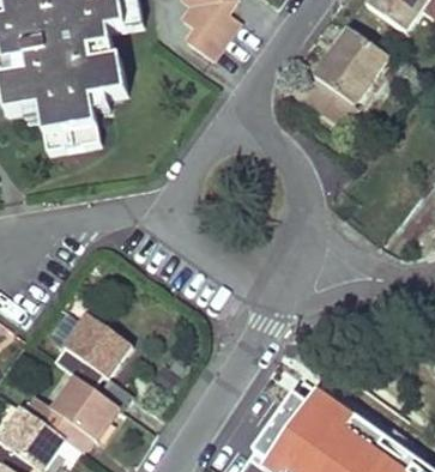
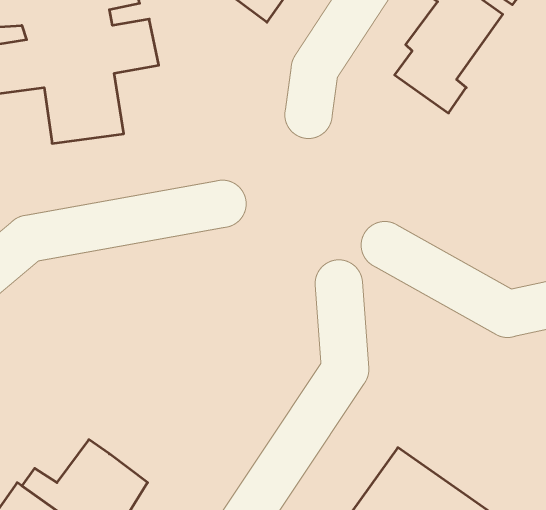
building: [48,313,134,386] -> none

